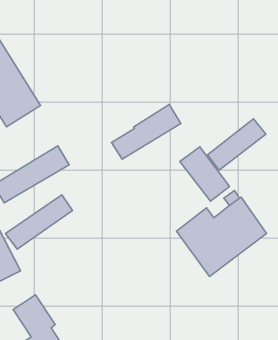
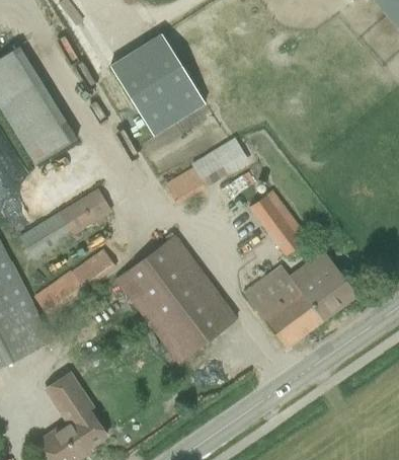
building: none -> [113,32,205,131]
building: [208,119,266,170] -> none
building: none -> [113,232,236,363]

